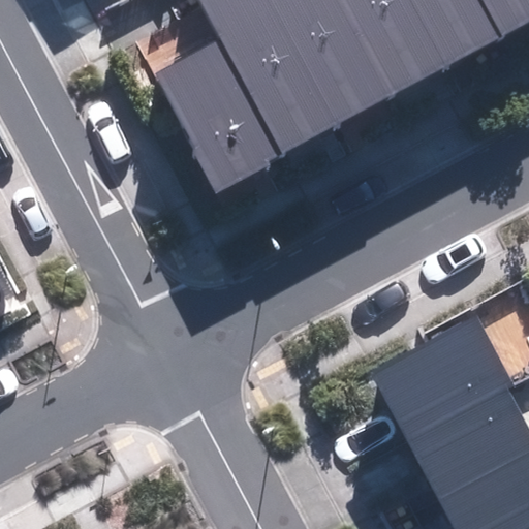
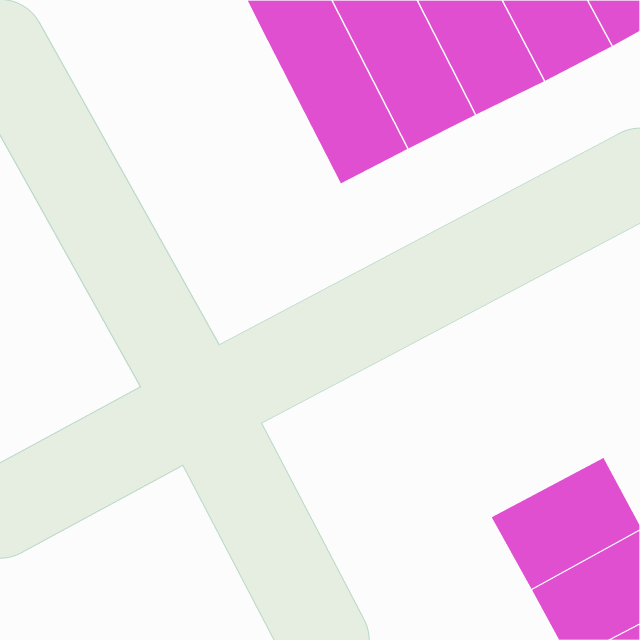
building: [156,33,281,184] -> none
building: [373,317,498,427] -> none

